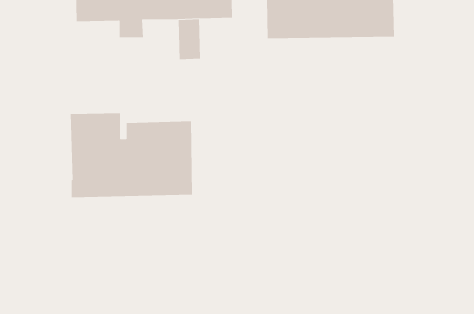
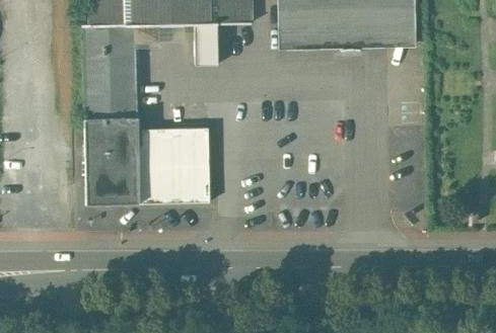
building: none -> [83,24,137,119]

